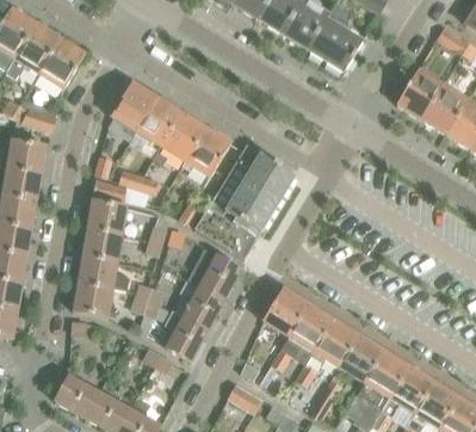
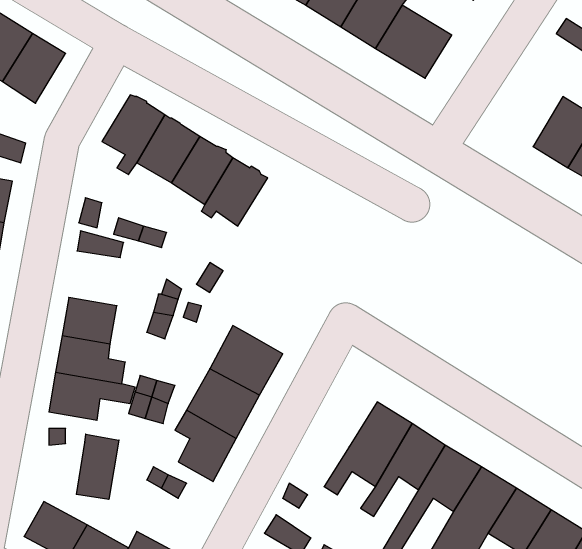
building: [396,68,443,118] -> none
building: [196,143,296,257] -> none
building: [87,199,126,233] -> none
building: [264,286,309,334] -> none
building: none -> [76,434,119,499]

